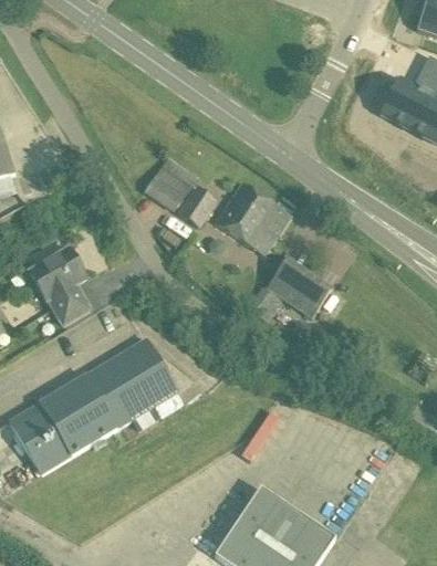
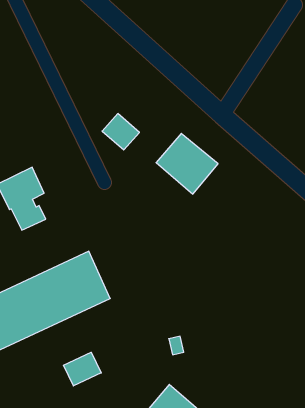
building: [177,186,217,227] -> none
building: [268,259,332,317] -> none
building: none -> [63,352,101,386]

